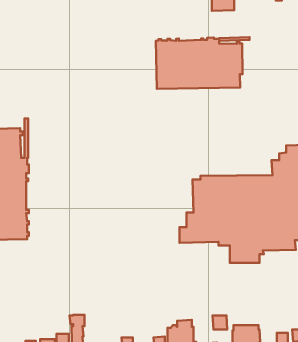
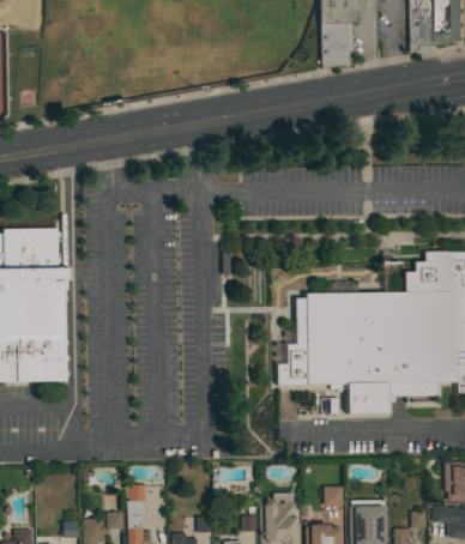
building: [156,37,250,89] -> none

